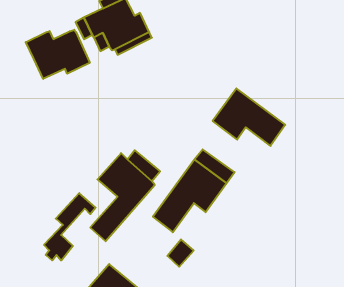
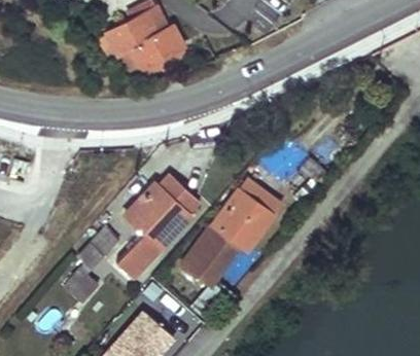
building: [26,30,90,79] -> none
building: [213,88,285,146] -> none

